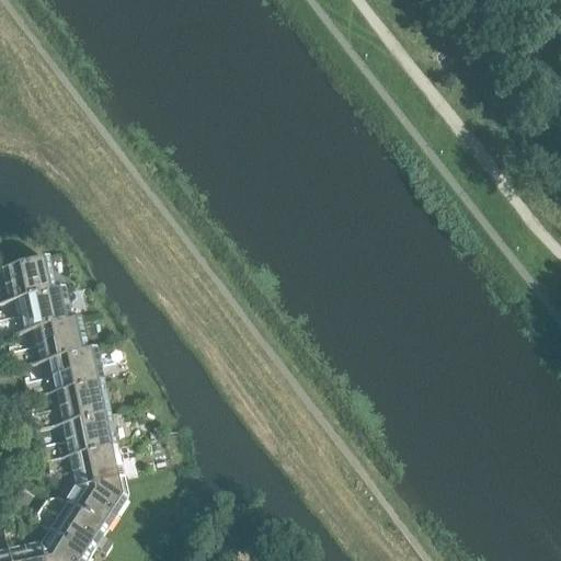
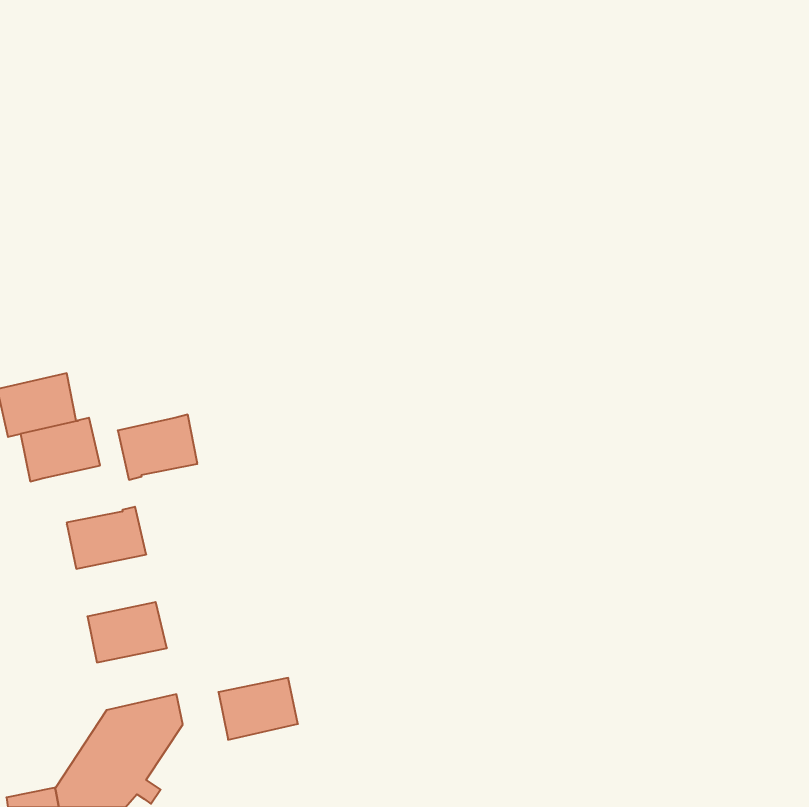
building: [30,319,84,364] -> [118,415,197,480]
building: [53,382,107,425] -> none
building: [67,447,122,490] -> [218,678,298,740]

